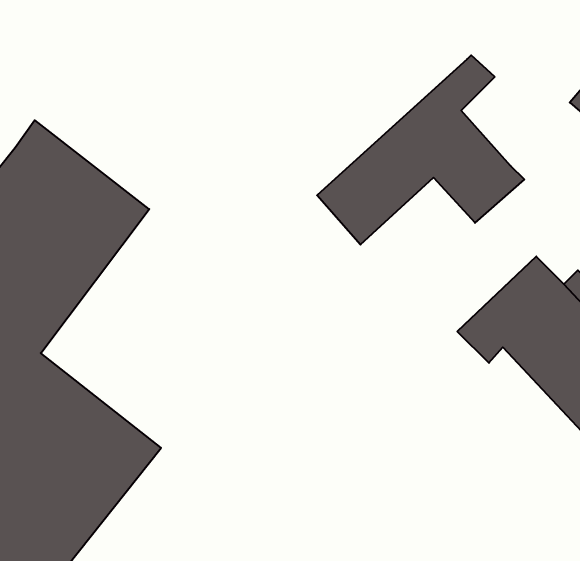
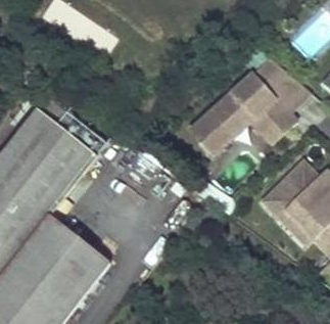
building: none -> [266,70,313,115]

